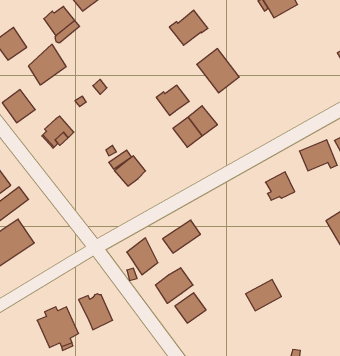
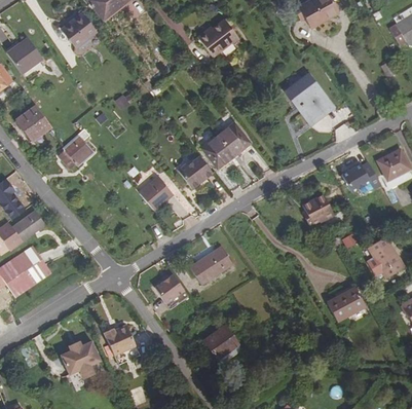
building: [29,44,66,85] -> none
building: [197,49,239,93] -> [287,75,333,123]
building: [156,85,189,115] -> [178,155,214,188]
building: [155,268,193,303] -> none
building: [246,280,281,311] -> [328,288,367,322]

